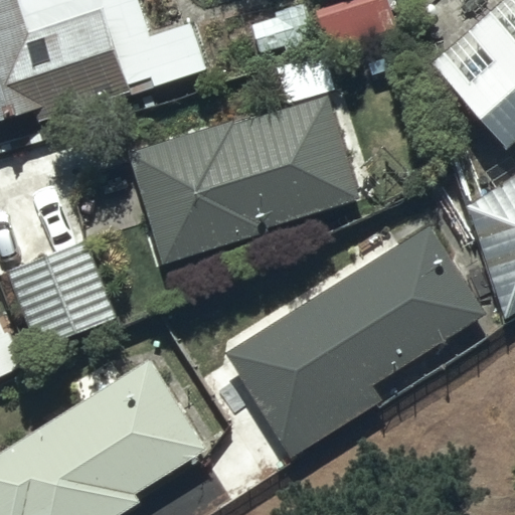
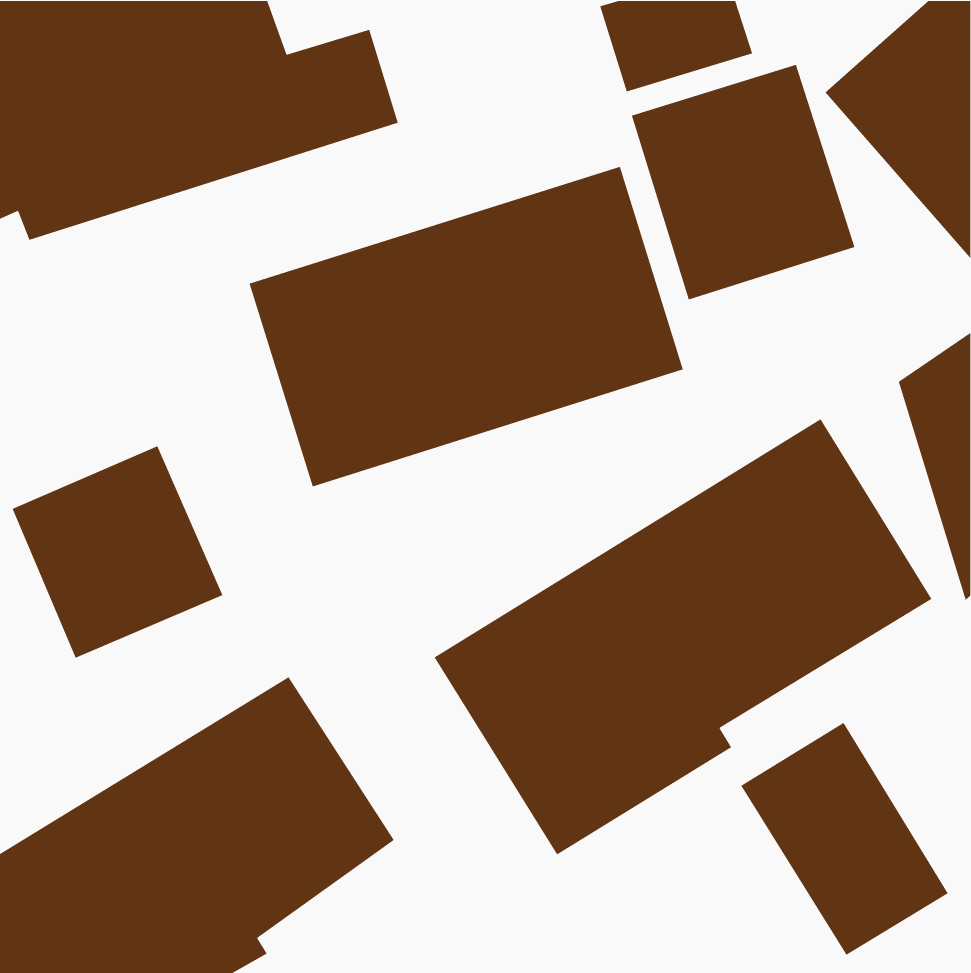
building: none -> [631,64,855,300]
building: none -> [740,722,949,956]

